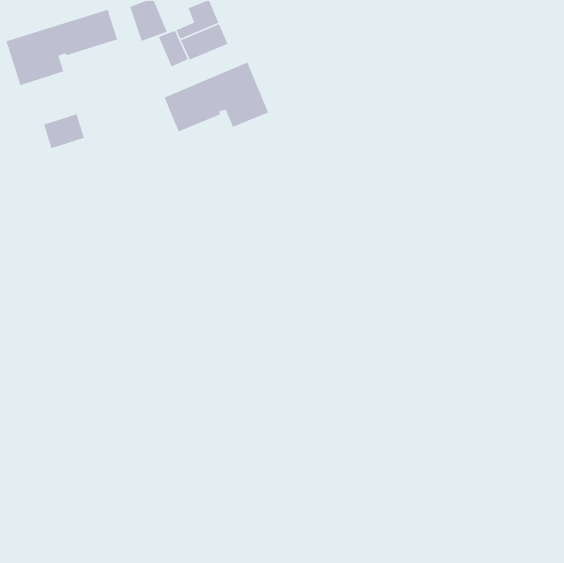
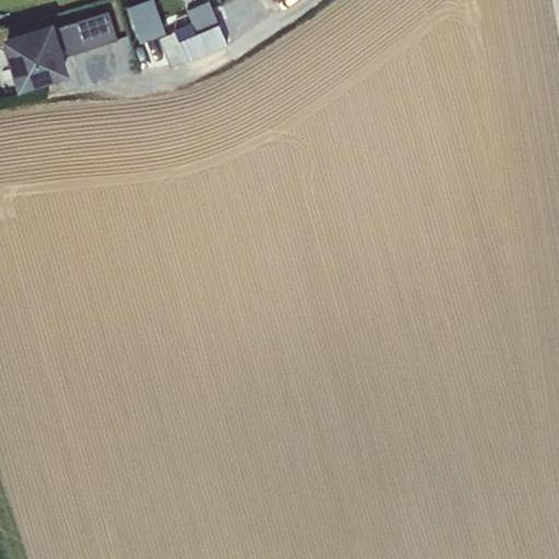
building: [164,61,269,132] -> none
building: [43,113,85,149] -> none

